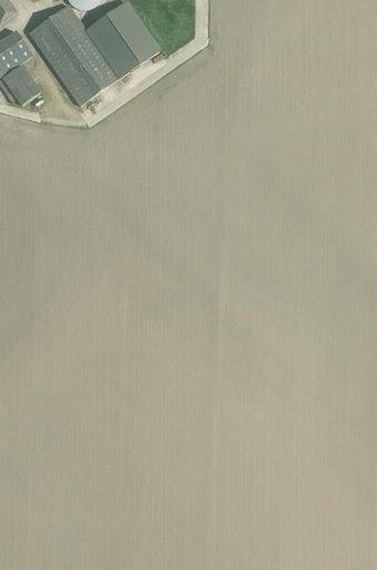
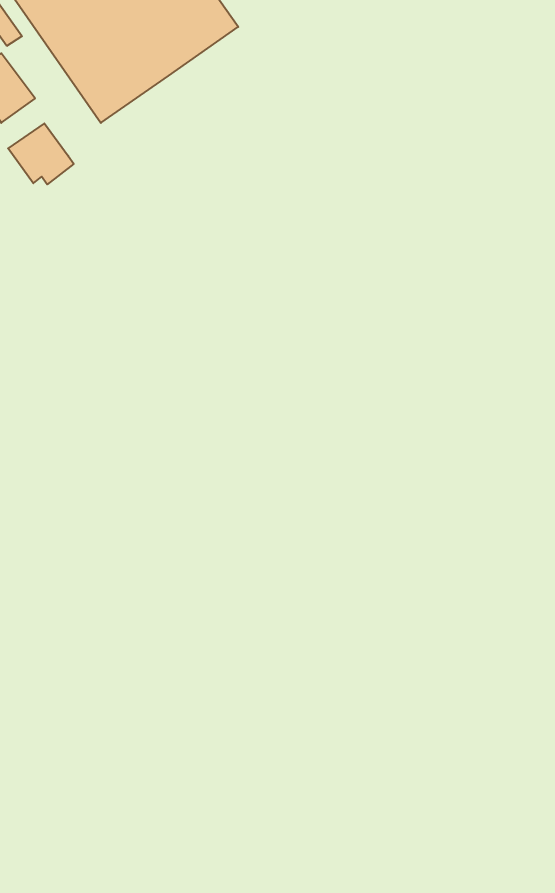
building: none -> [8,123,74,184]

